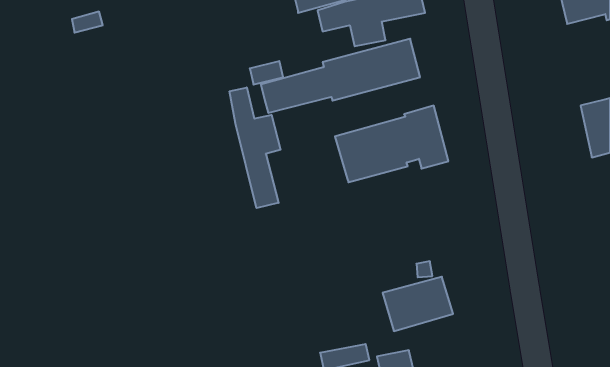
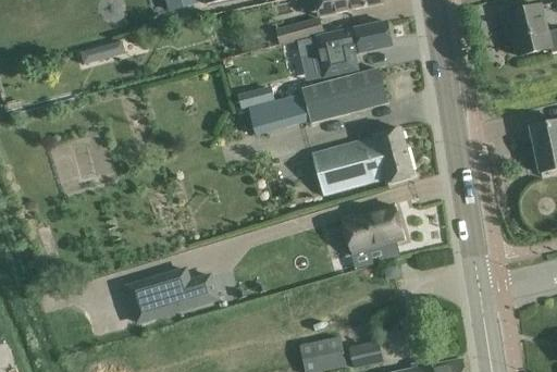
building: [230,87,281,208] -> none
building: none -> [126,270,216,322]
building: [383,277,453,331] -> [342,206,404,253]

